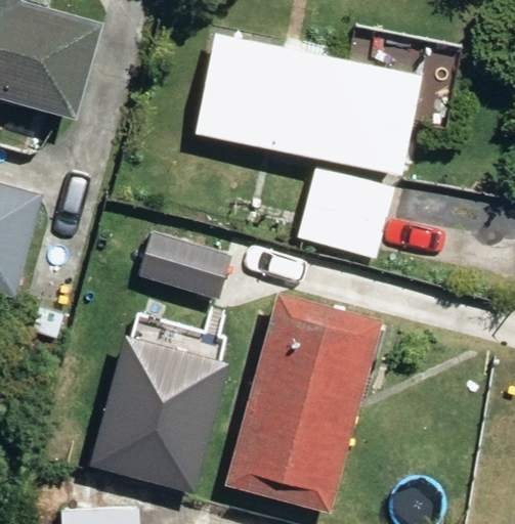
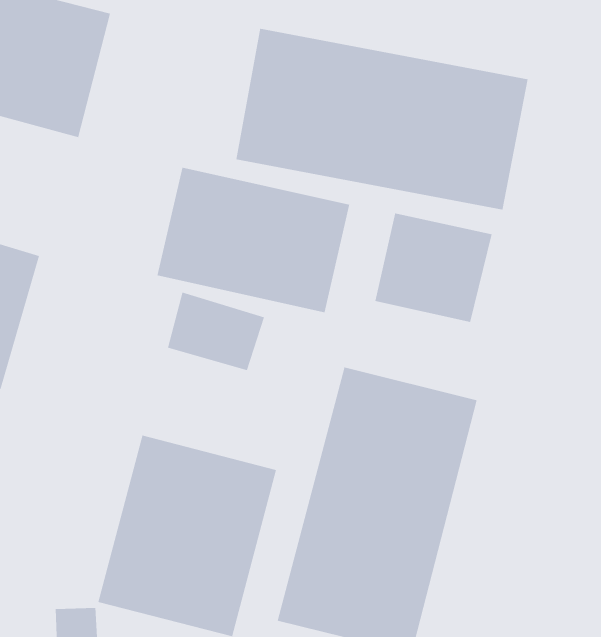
building: none -> [157,167,350,313]

